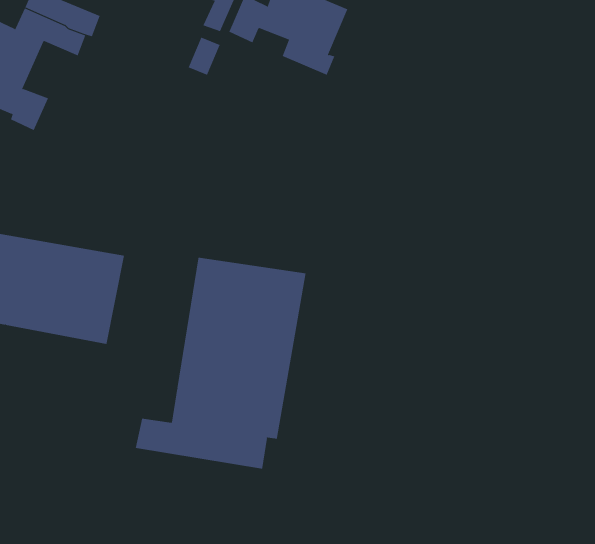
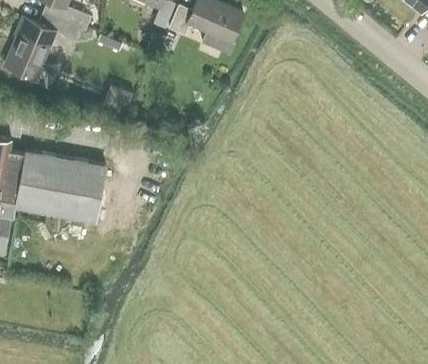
building: [135,257,306,470] -> none

